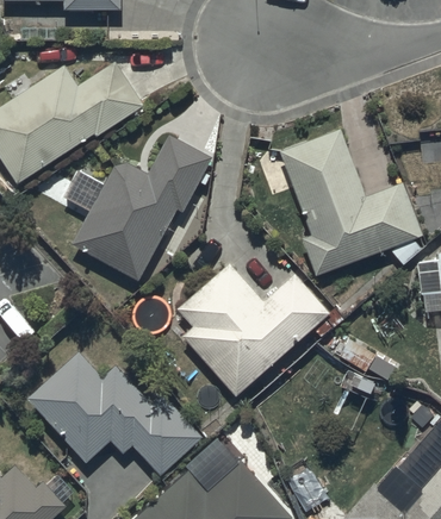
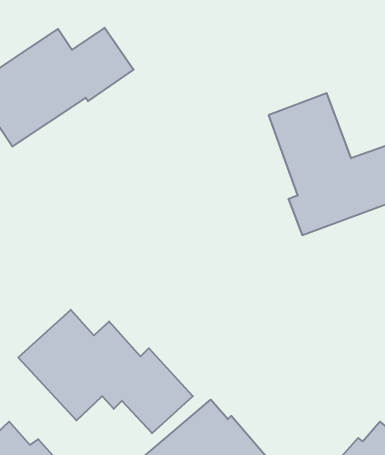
building: [72,135,210,281] -> none
building: [178,264,329,396] -> none

